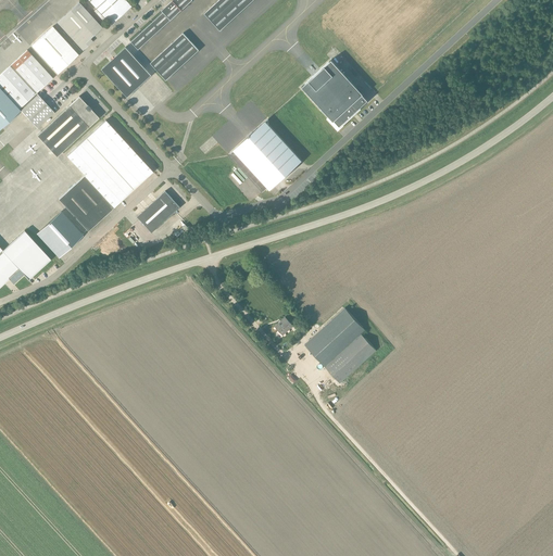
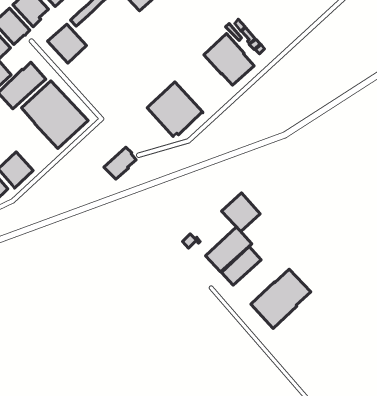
building: [150,34,199,80] -> none
building: [59,176,114,231] -> none
building: [137,191,178,232] -> [104,147,136,179]
building: none -> [221,193,260,231]
building: none -> [251,269,311,328]

